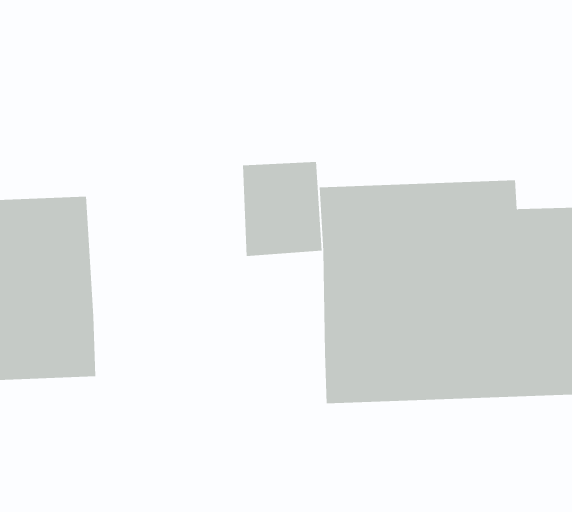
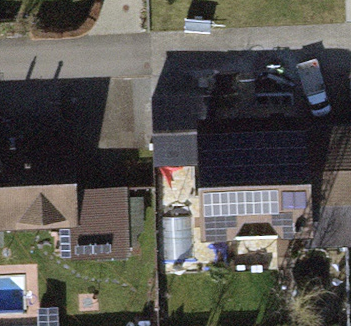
building: none -> [78,192,130,262]

